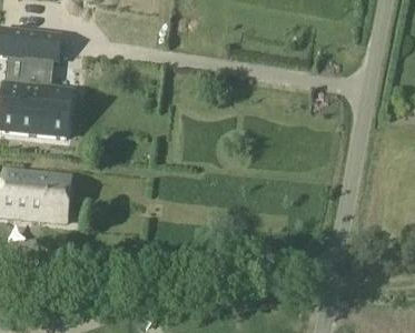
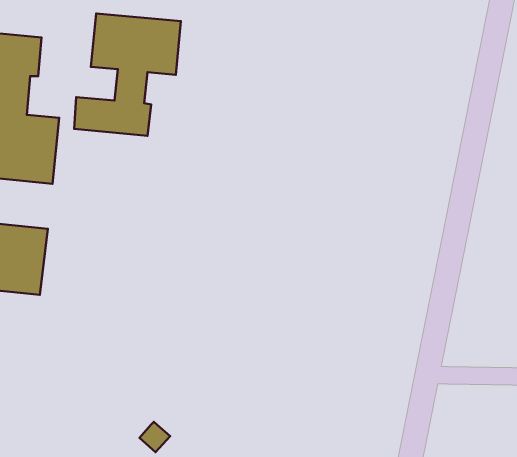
building: none -> [74,13,181,136]

